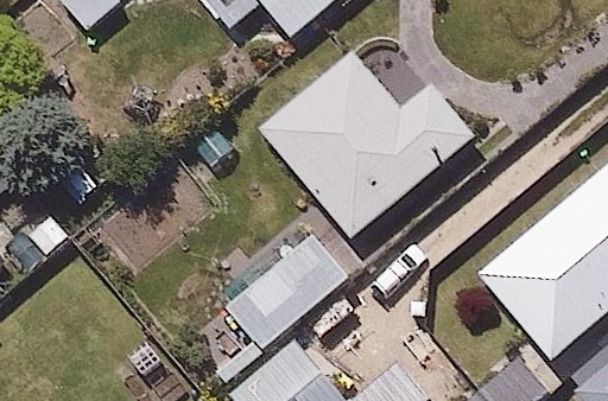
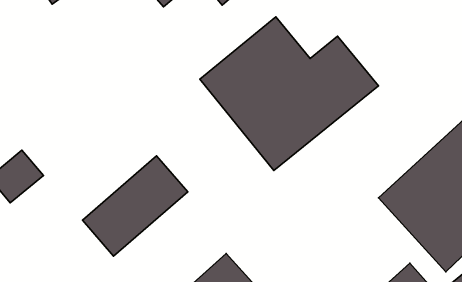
building: [224,230,353,352] -> [82,156,188,256]

